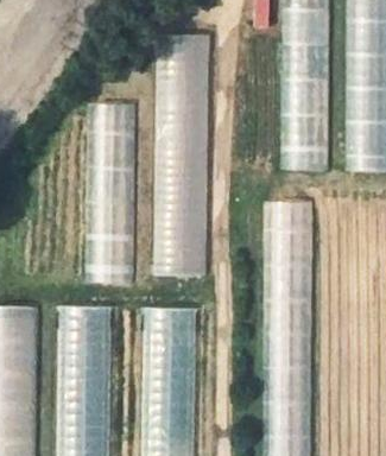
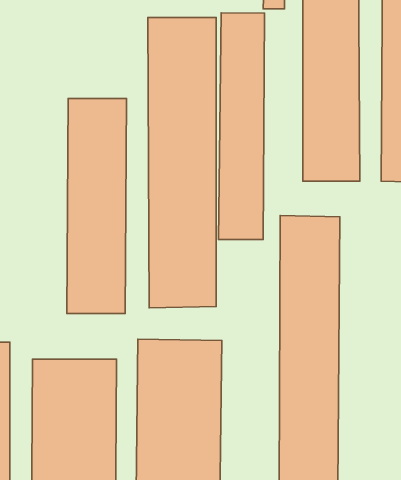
building: none -> [218,13,265,240]

